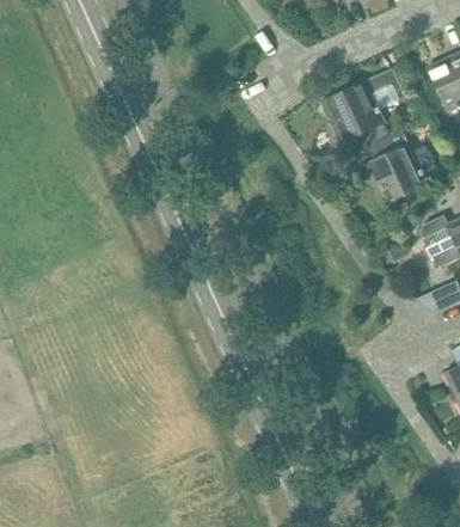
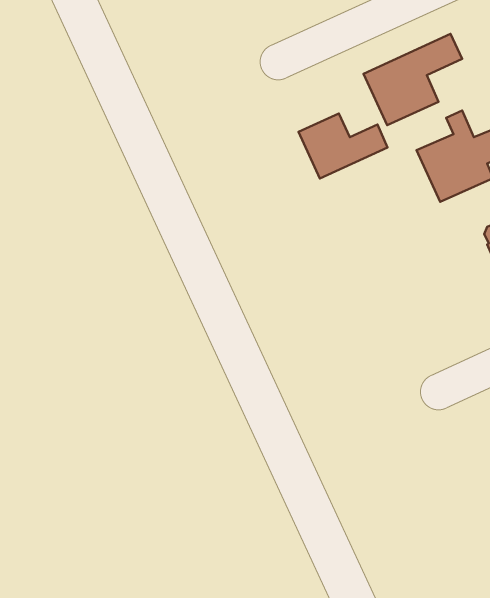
building: none -> [299,114,388,178]

